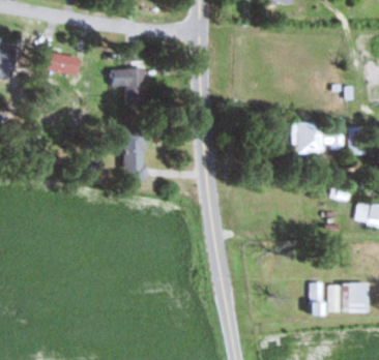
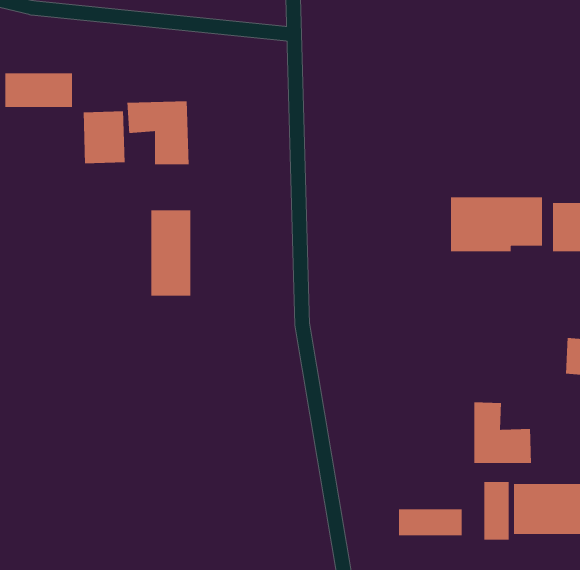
building: none -> [83,111,125,164]
building: none -> [473,402,532,464]
building: none -> [398,509,462,536]

